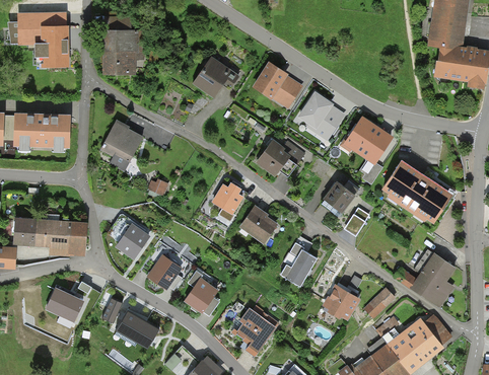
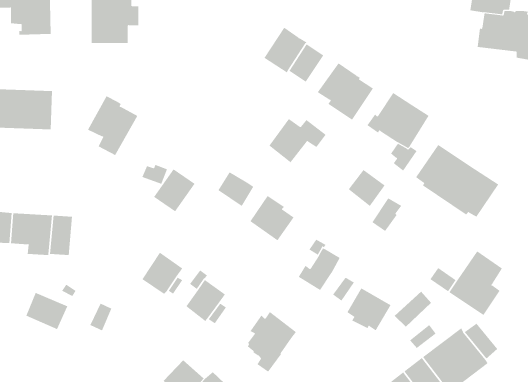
building: [193,56,240,98] -> none
building: [115,223,151,260] -> [153,168,196,212]
building: [118,310,159,347] -> none

